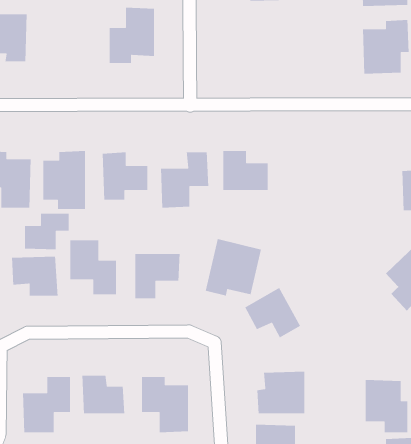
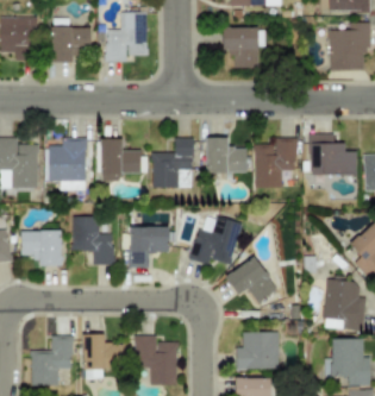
building: none -> [50,26,92,62]
building: none -> [223,27,265,67]
building: none -> [310,133,357,175]
building: none -> [255,137,296,188]
building: [24,213,70,250] -> none
building: none -> [321,278,365,328]

